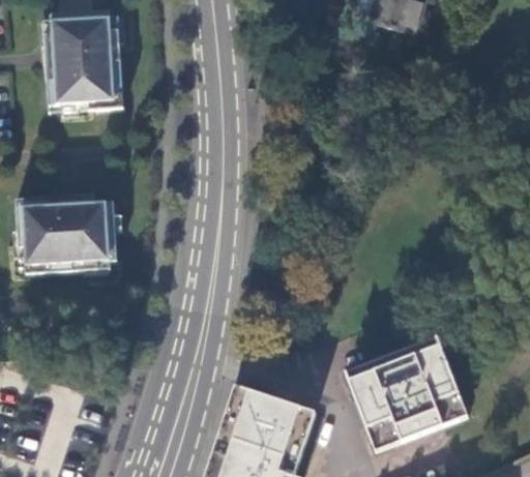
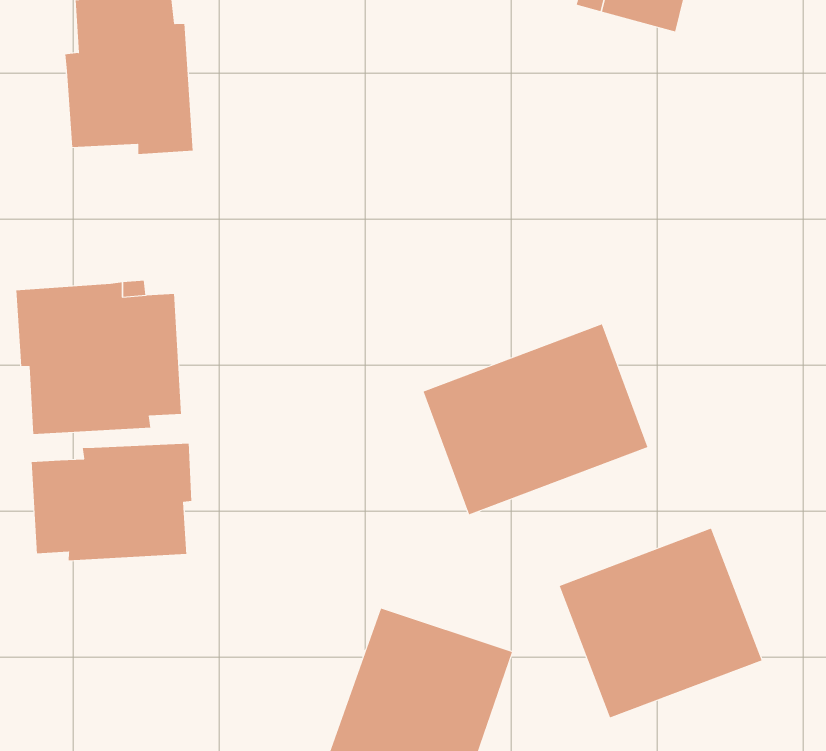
building: none -> [423,323,648,515]
building: none -> [31,443,192,561]

